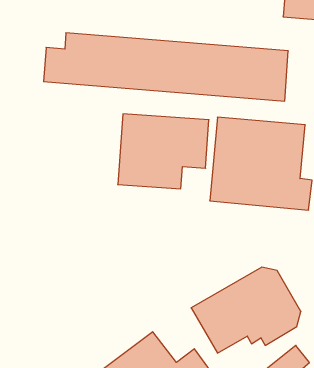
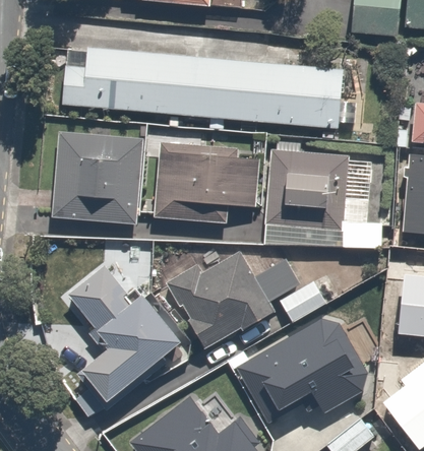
building: none -> [51,130,148,224]
building: none -> [165,242,340,348]
building: none -> [61,253,183,420]

